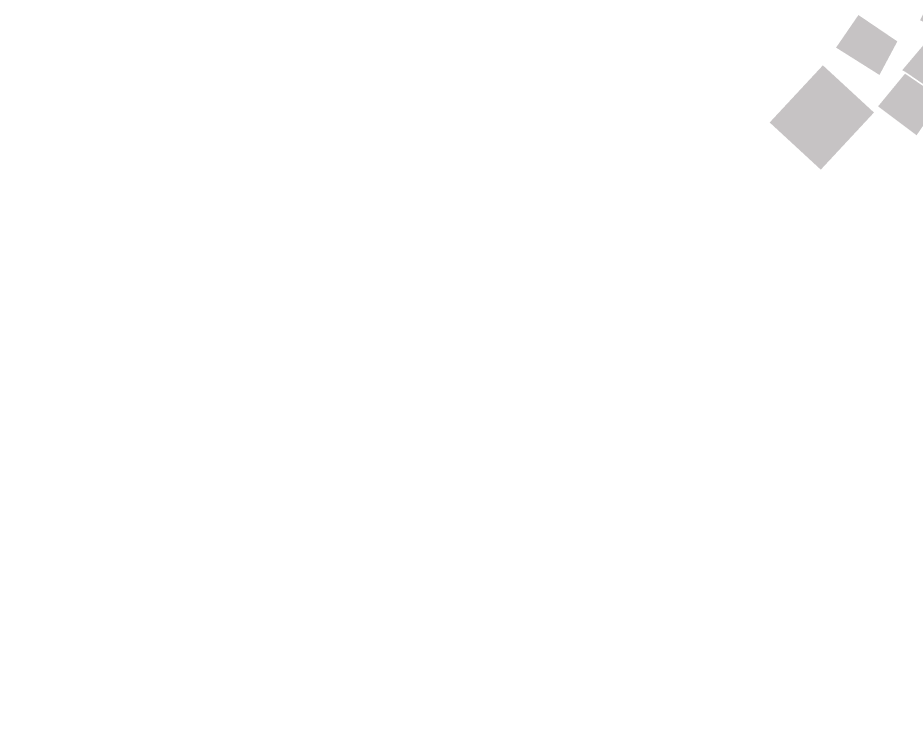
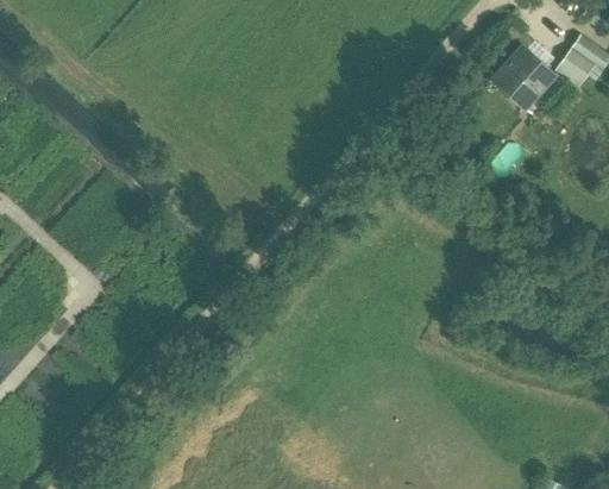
building: [835,14,898,76] -> none

